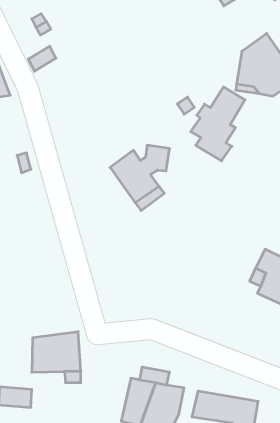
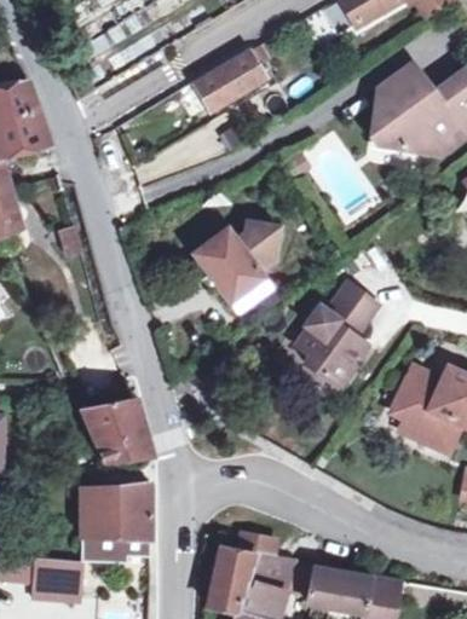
building: none -> [192,48,263,110]
building: [191,87,245,161] -> [294,280,370,384]
building: none -> [81,401,152,463]

